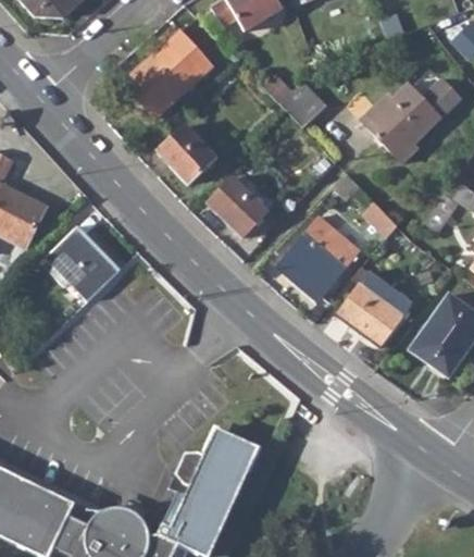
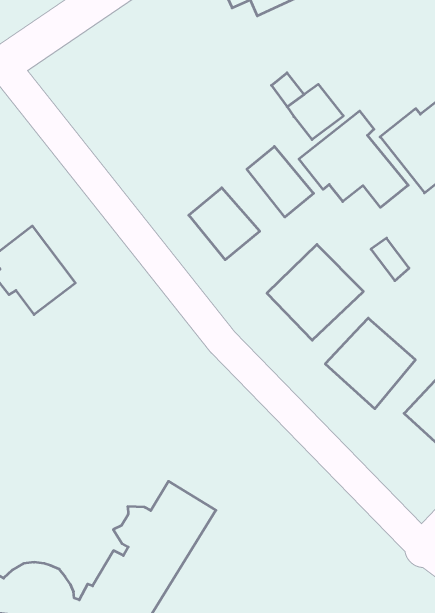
building: [123,30,213,119] -> none
building: none -> [299,111,408,207]
building: [158,124,216,184] -> none
building: none -> [247,146,314,217]

